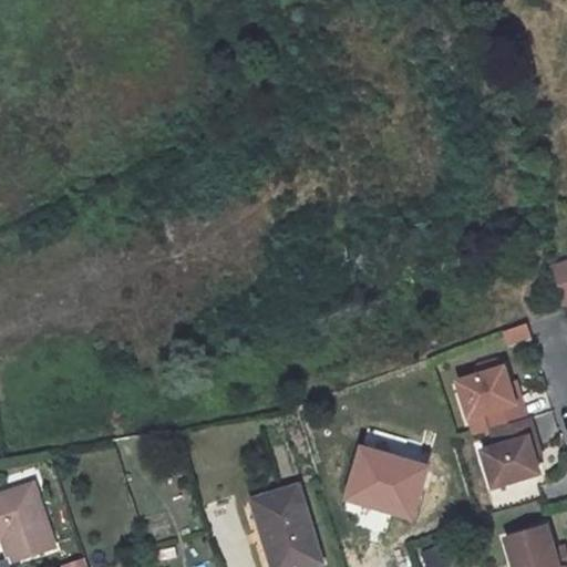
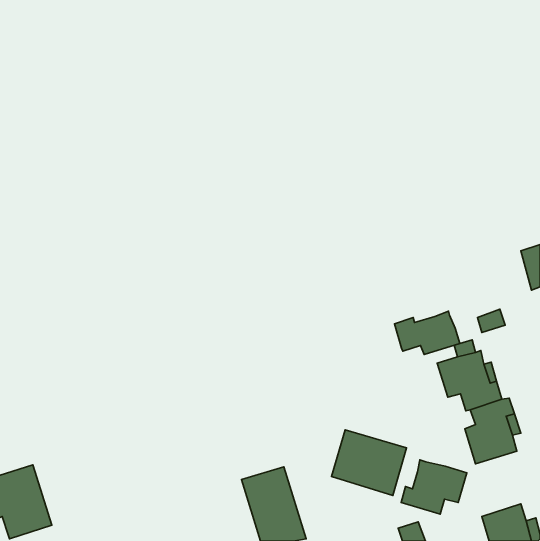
building: none -> [394,311,460,355]
building: none -> [401,460,467,514]

